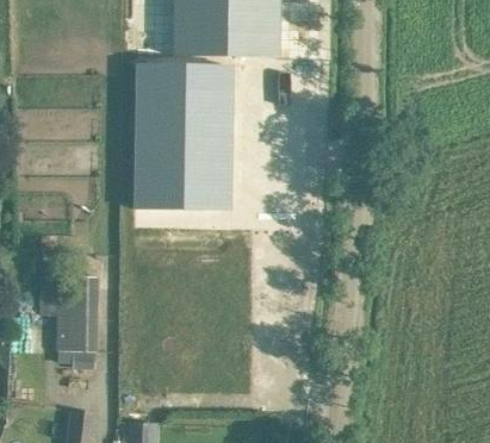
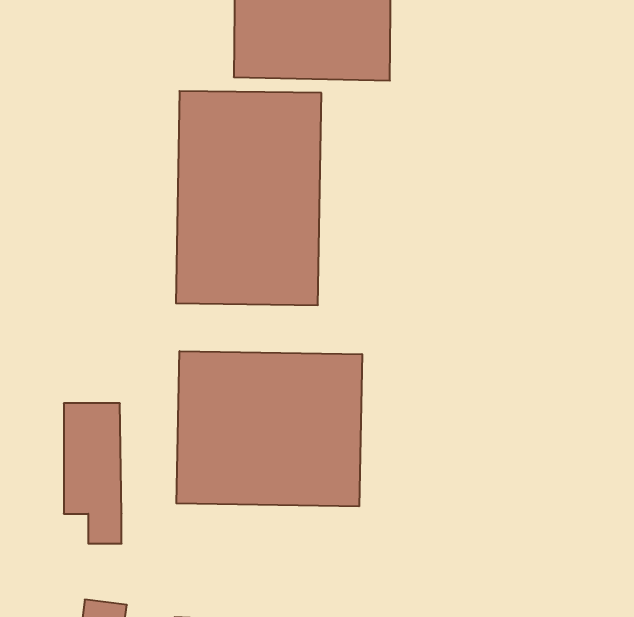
building: none -> [176,351,362,506]

